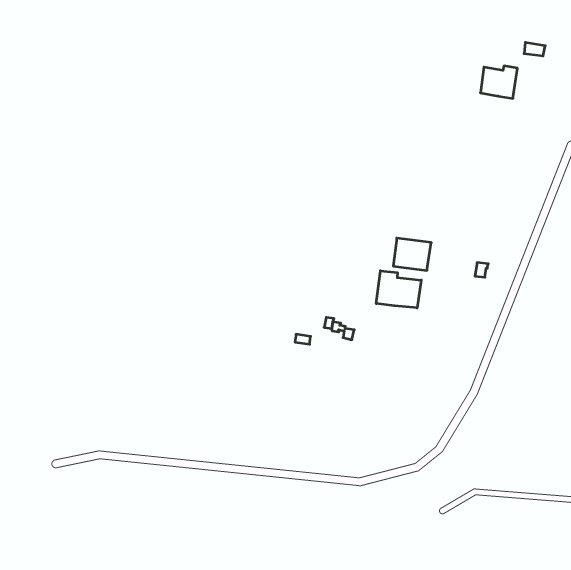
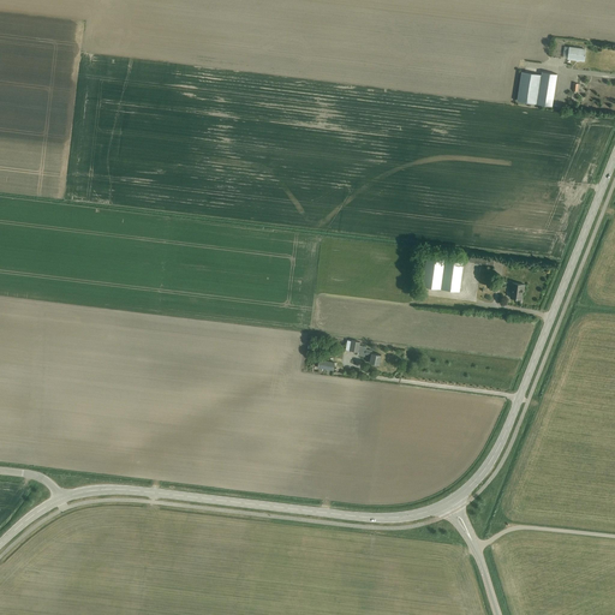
building: [376,271,421,308] -> none

